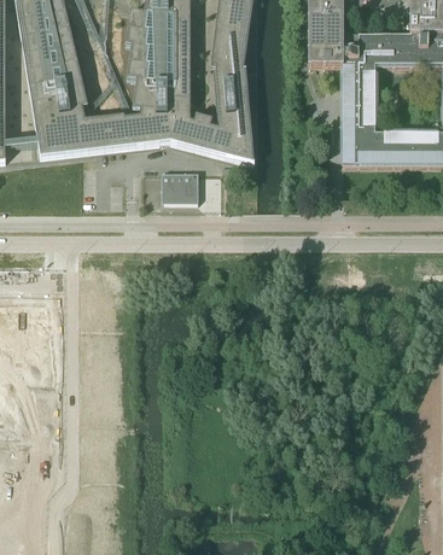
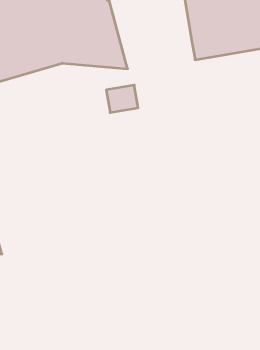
building: [162,170,199,200] -> [106,85,138,113]

